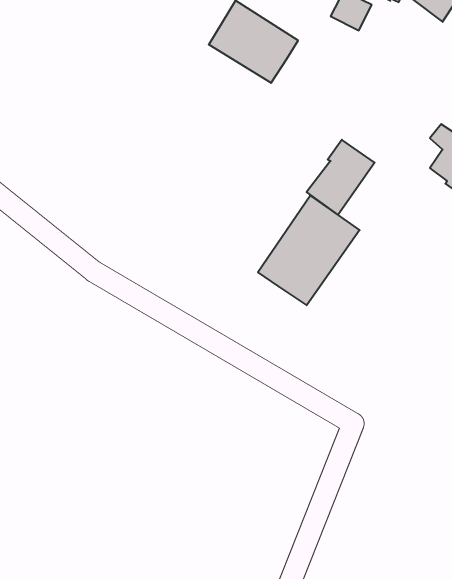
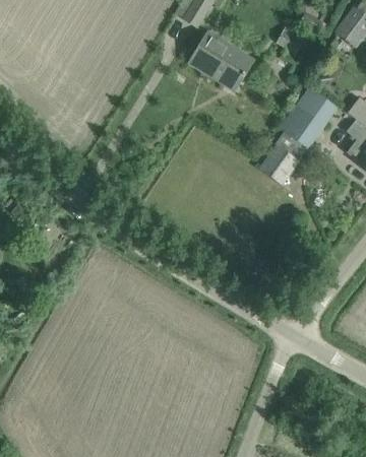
building: none -> [280,88,336,147]
building: [258,195,360,305] -> none

